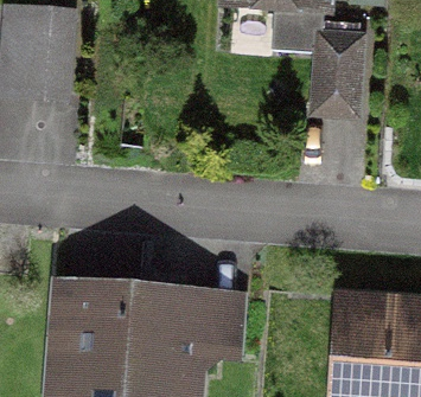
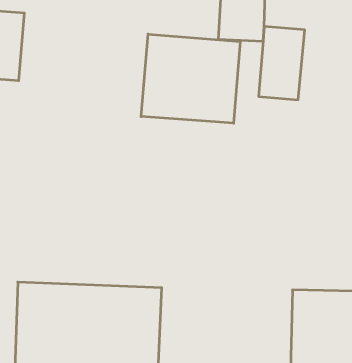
building: none -> [141,34,240,123]

